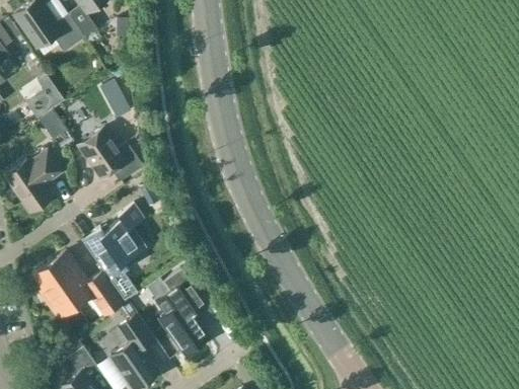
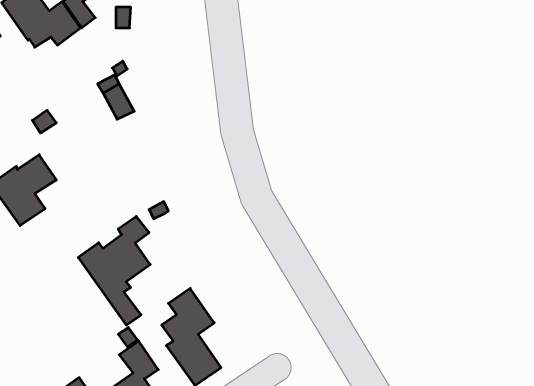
building: [26,86,64,120] -> none
building: [78,129,143,182] -> none
building: [35,252,123,317] -> none

